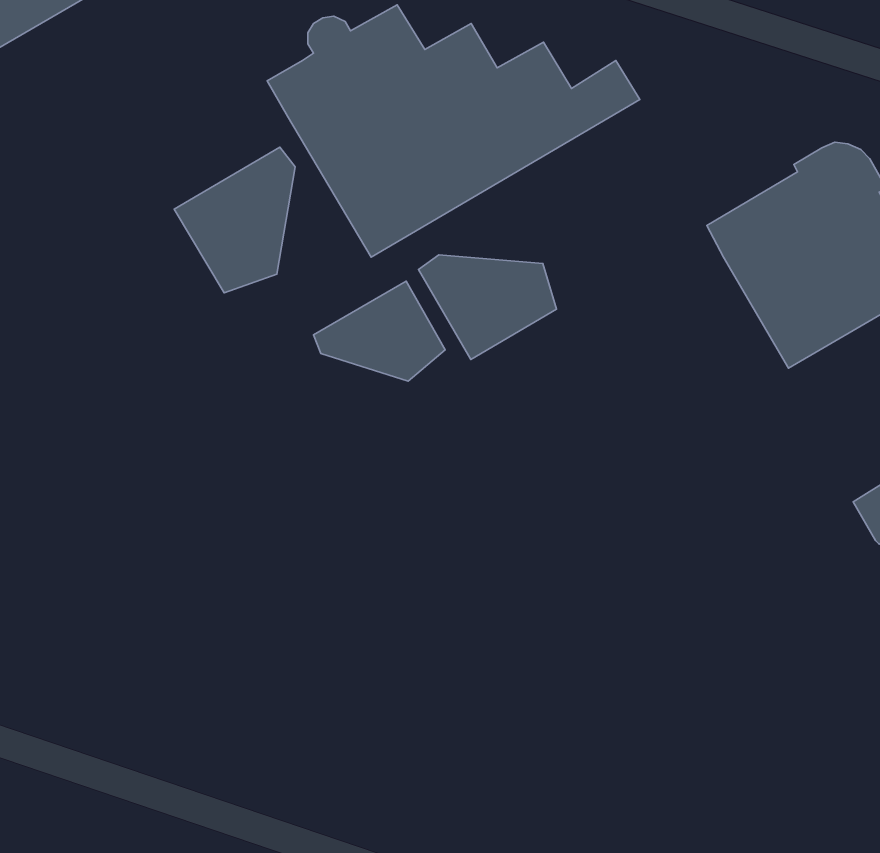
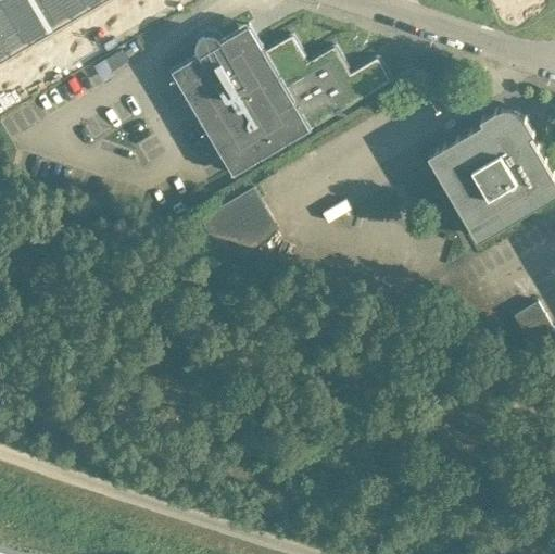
building: [174,147,295,293] -> none
building: [419,255,557,360] -> none

